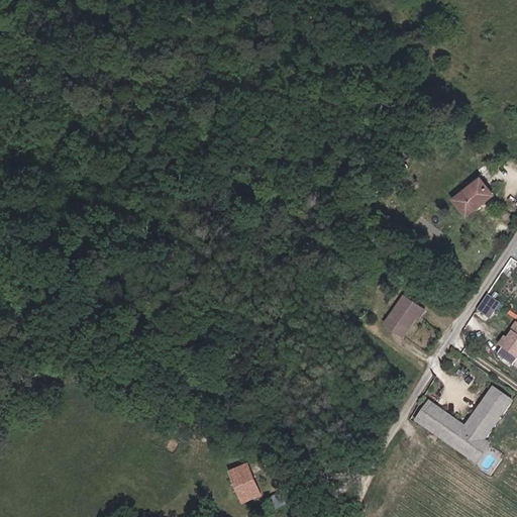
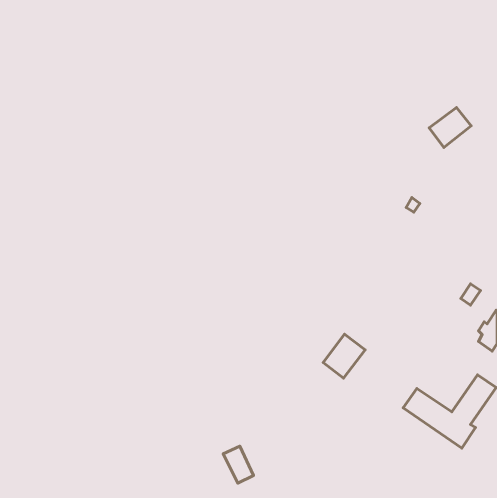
building: [447,175,491,216] -> [429,107,471,148]
building: [379,293,422,338] -> [323,334,365,378]

